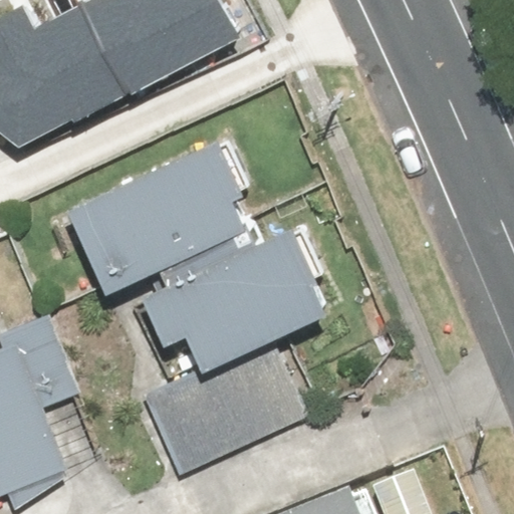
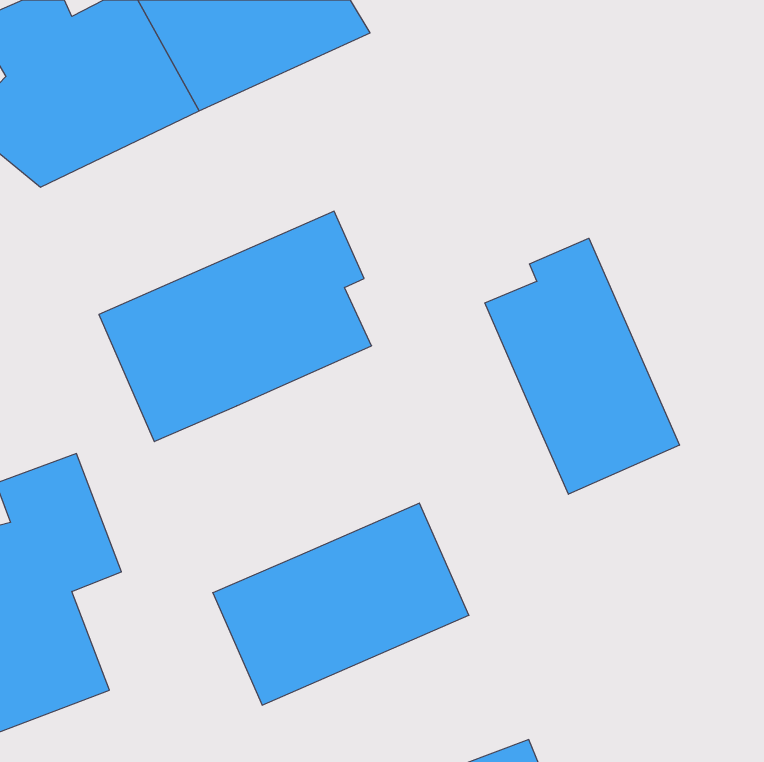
building: none -> [485,238,679,494]
building: [137,230,329,374] -> none

